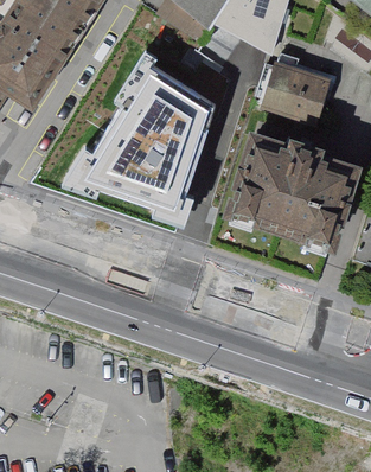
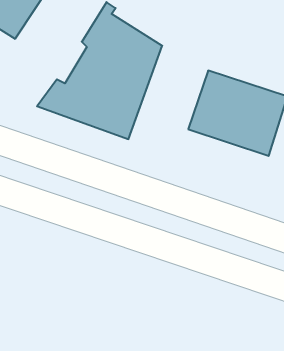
building: [269,56,335,113] -> none

